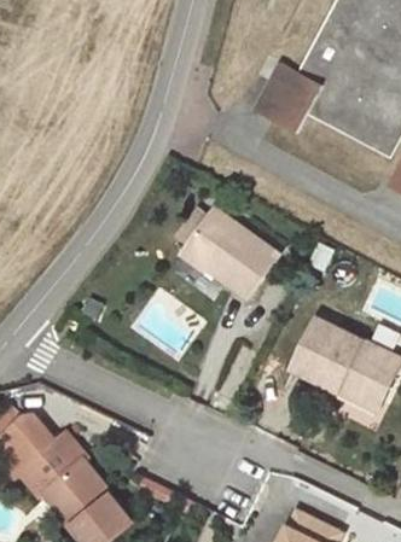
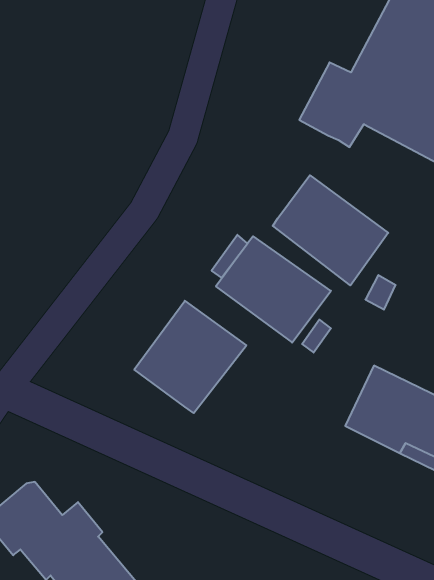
building: none -> [273,175,388,285]
building: none -> [134,301,246,413]

